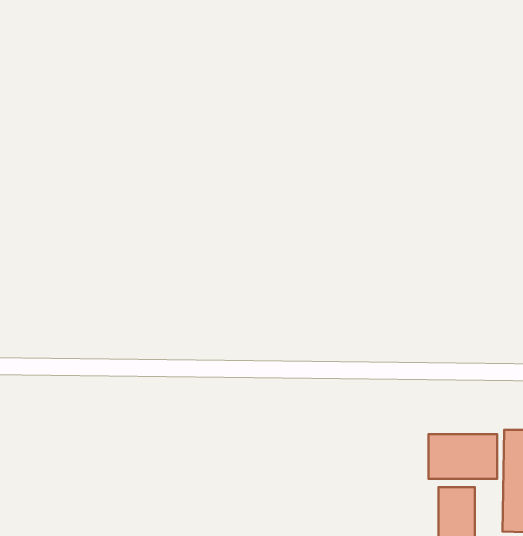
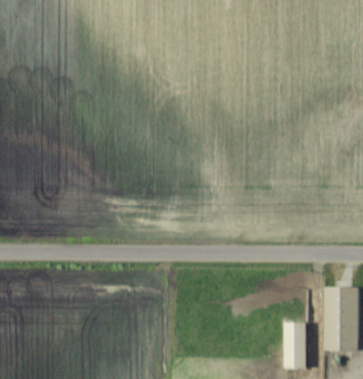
building: [428,434,497,479] -> none

